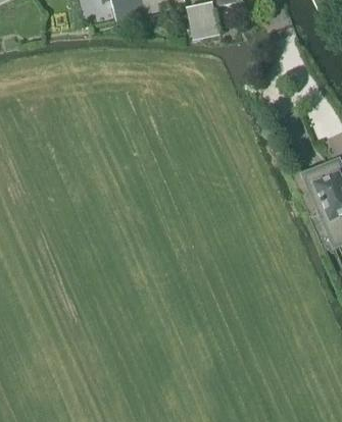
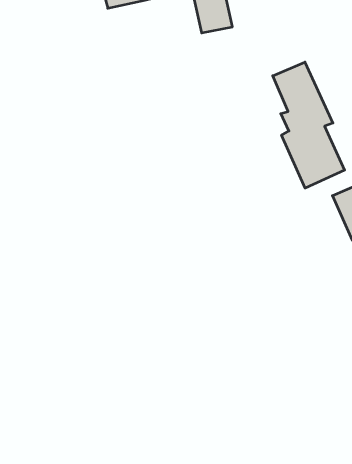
building: none -> [273,62,345,188]

